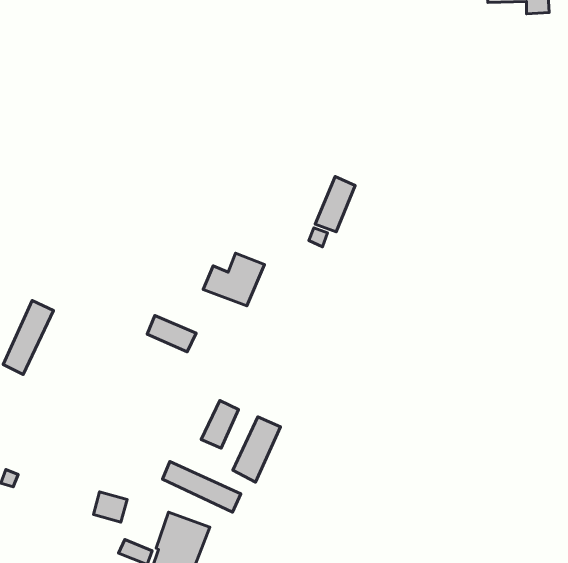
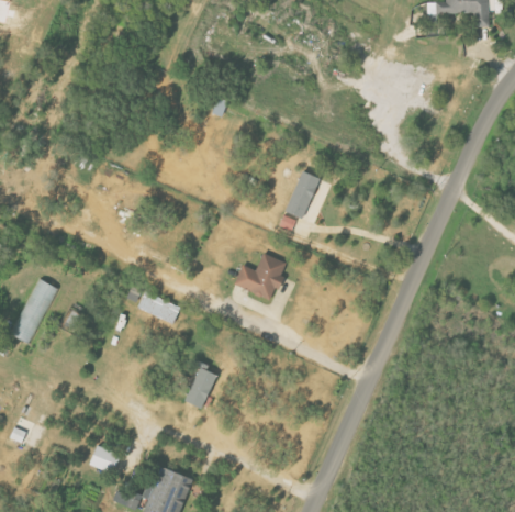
building: [203,253,264,306] -> [234,253,288,299]
building: [233,417,280,482] -> none
building: [162,462,241,512] -> none

